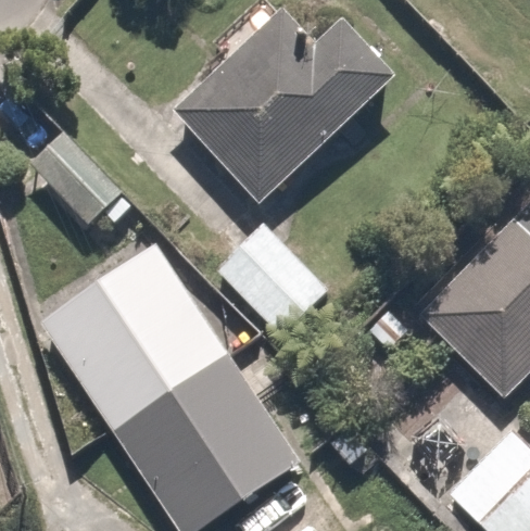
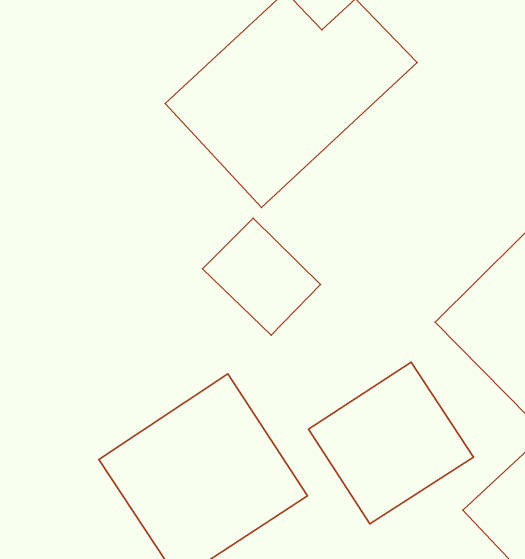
building: [40,243,230,432] -> none
building: none -> [308,362,473,524]

